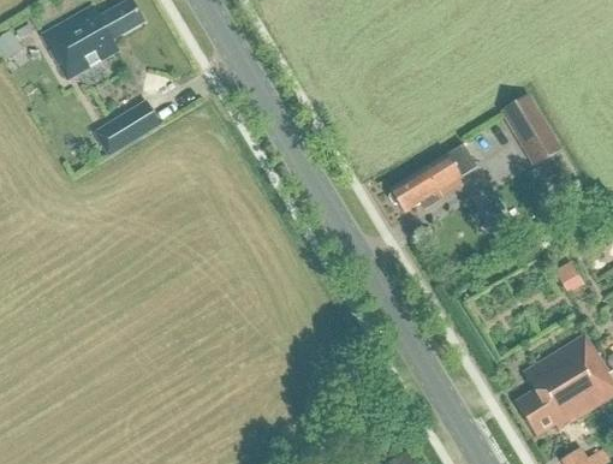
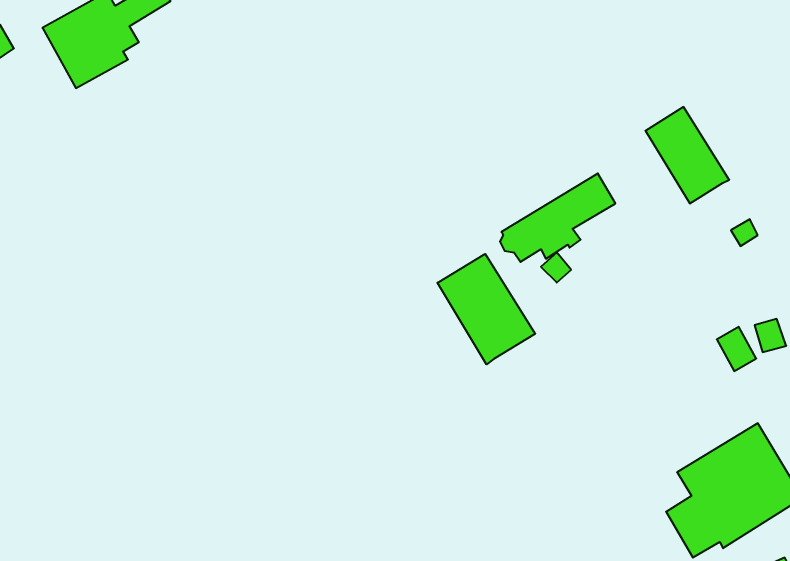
building: [93,97,162,156] -> none
building: none -> [437,254,535,364]

